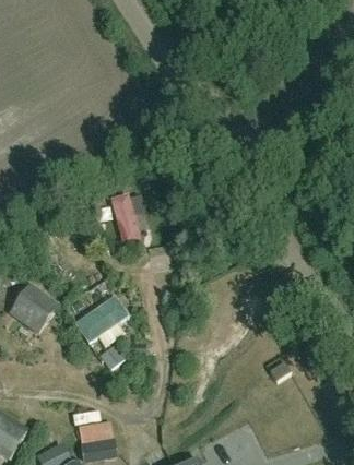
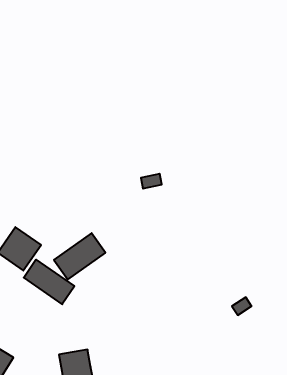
building: [109,189,140,242] -> none
building: none -> [24,260,74,304]

